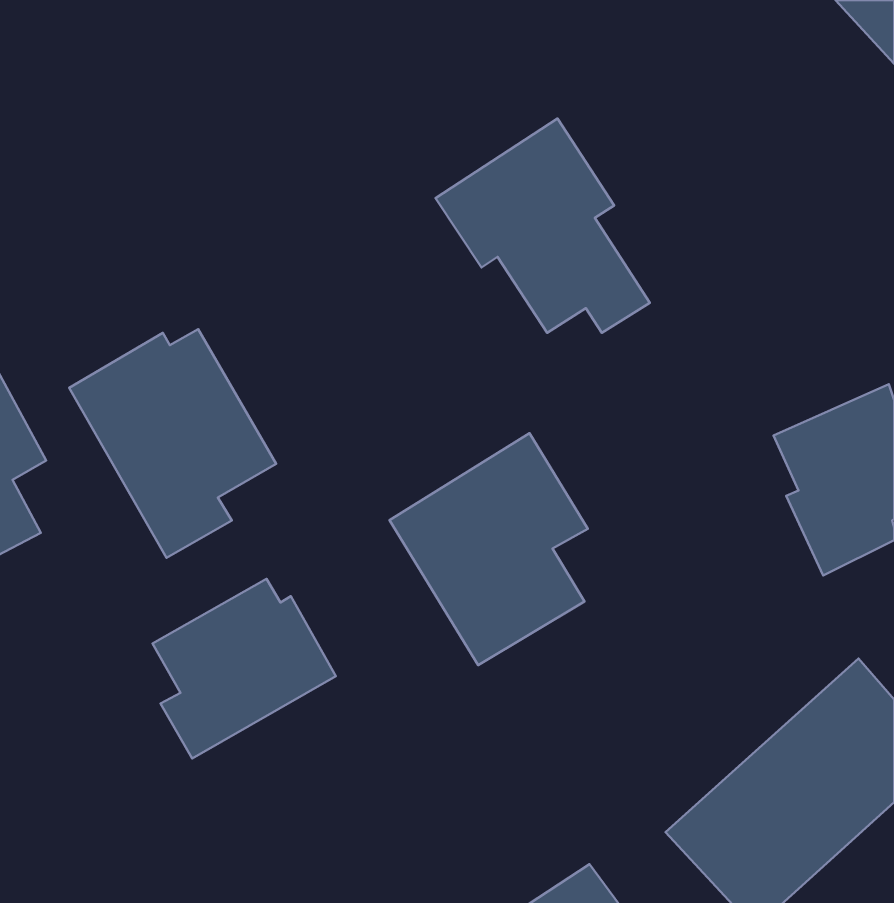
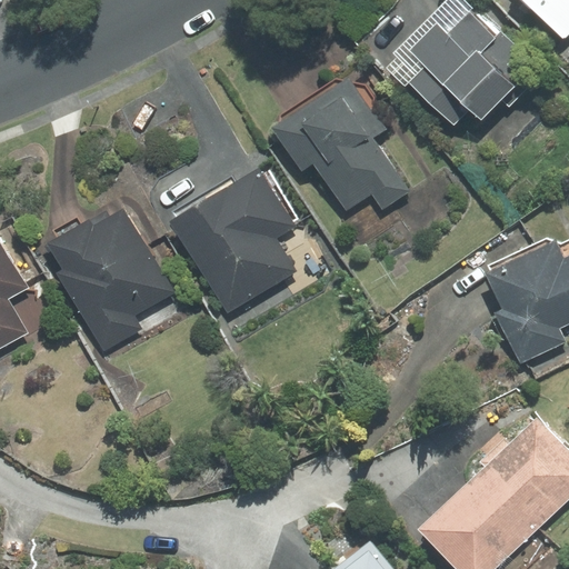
building: none -> [406,12,519,126]
building: [390,433,588,665] -> [171,166,296,311]
building: [152,579,336,758] -> none

